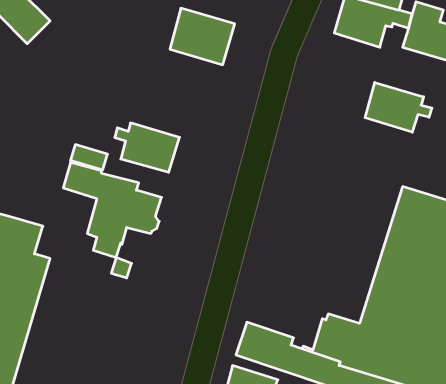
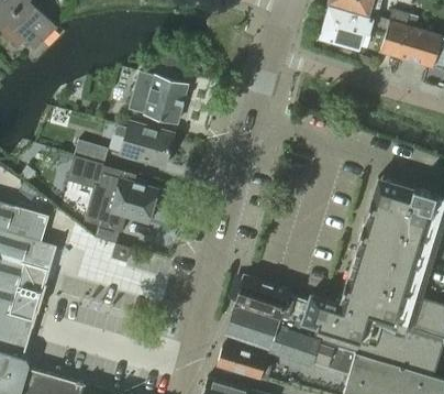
building: [170,8,235,65] -> [127,70,187,122]
building: [365,82,432,132] -> none
building: none -> [235,275,304,328]

